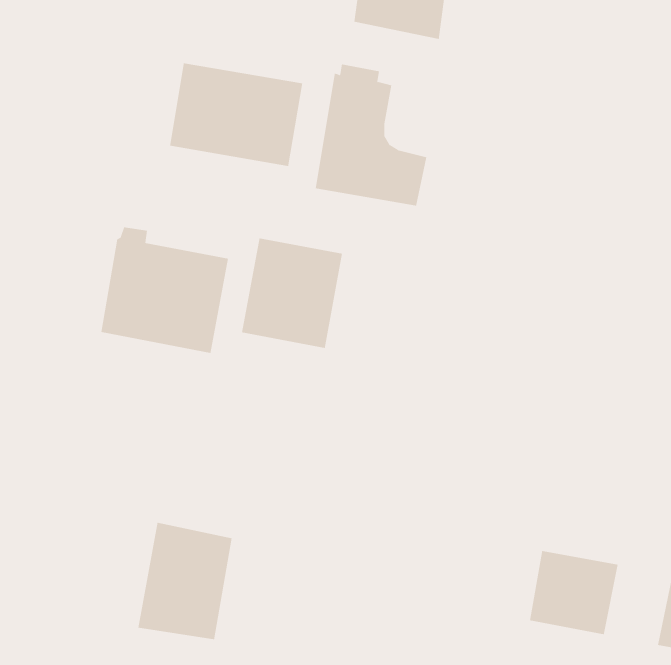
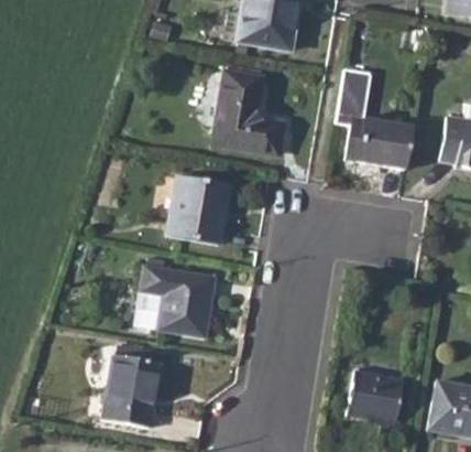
building: [169,62,303,167] -> none
building: none -> [337,69,414,171]
building: [101,227,229,353] -> [135,258,216,337]

